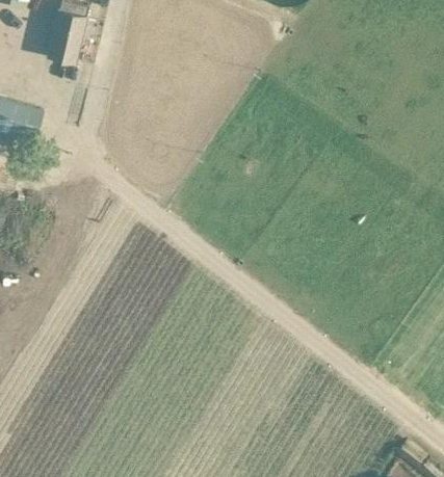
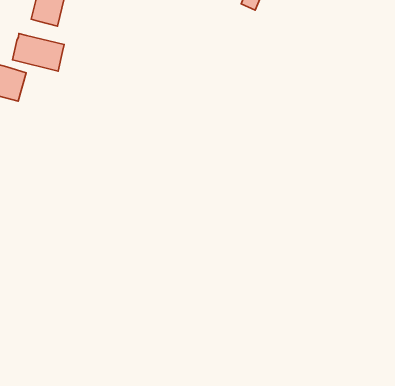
building: none -> [12,34,64,71]

